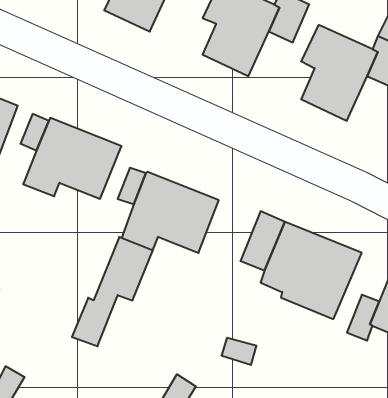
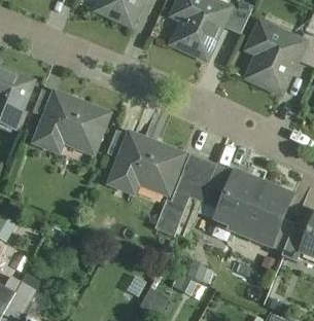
building: [72,237,153,346] -> [153,152,215,236]

